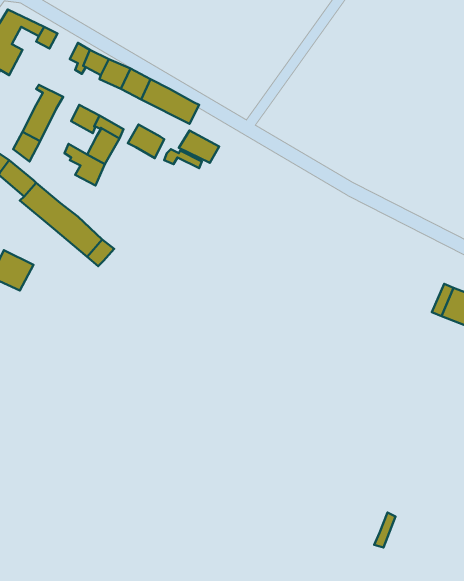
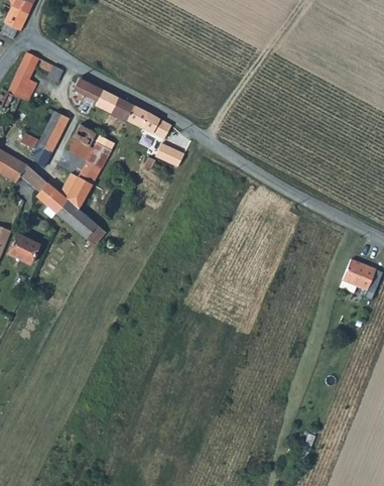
building: [128,124,164,158] -> [65,136,92,161]
building: none -> [65,176,91,208]

